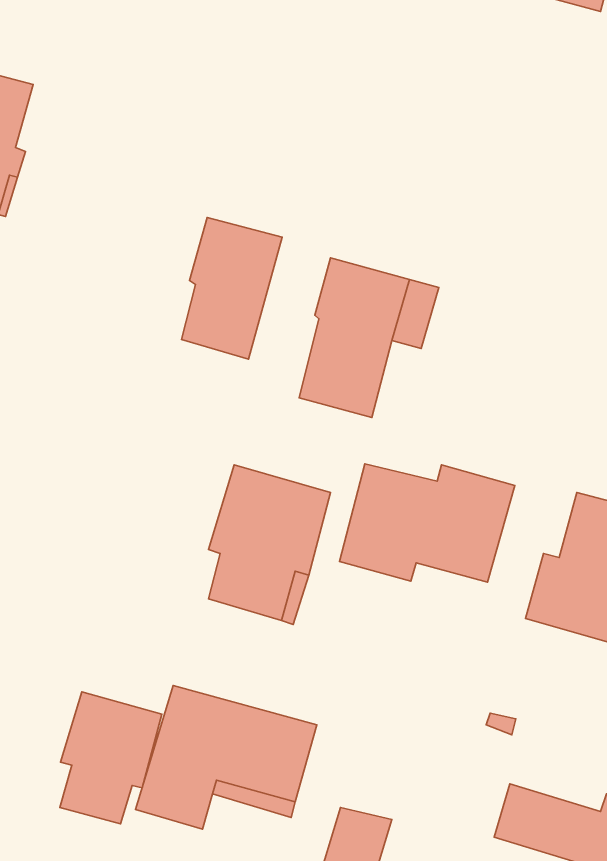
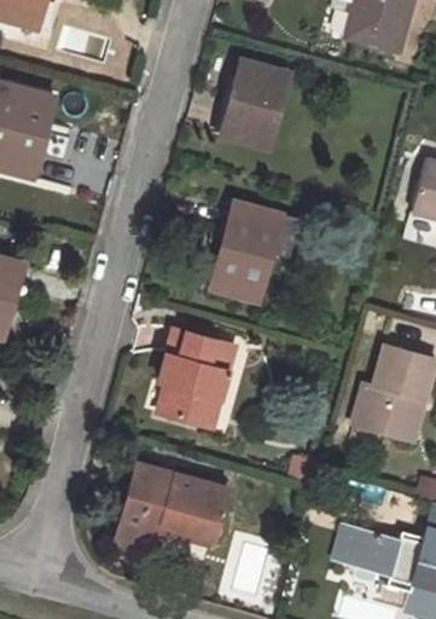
building: [182,217,282,359] -> [226,60,287,147]
building: [339,464,515,582] -> none
building: [60,692,162,824] -> none

